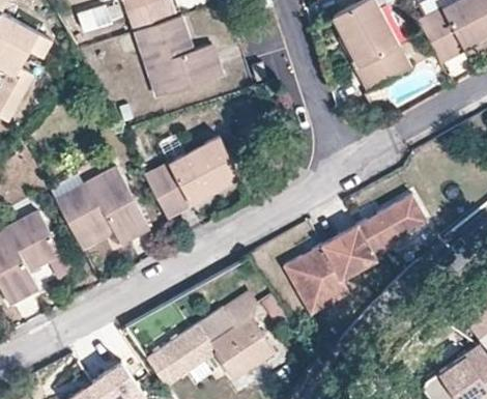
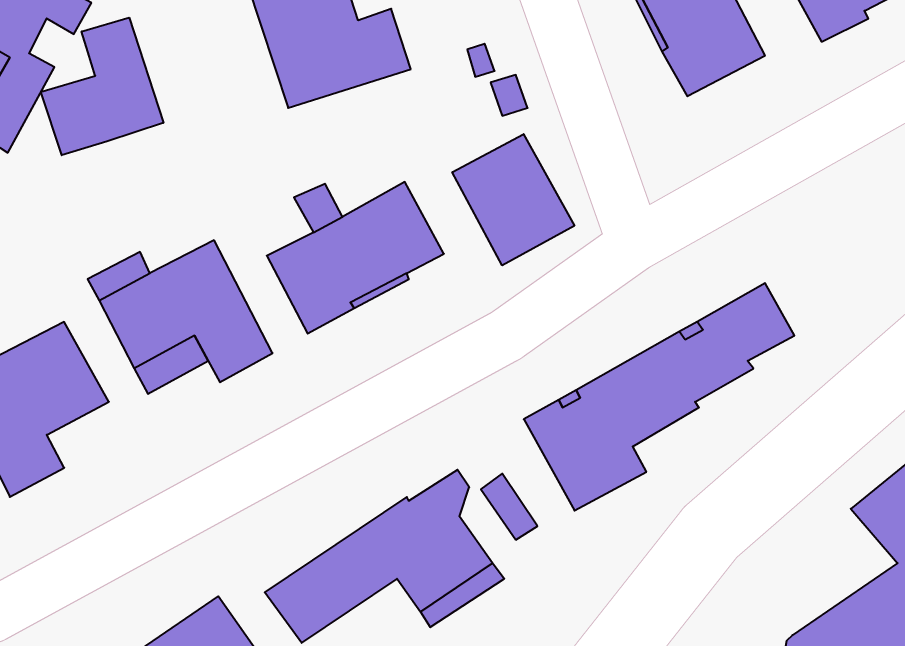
building: none -> [41,18,163,155]
building: none -> [452,134,574,265]

